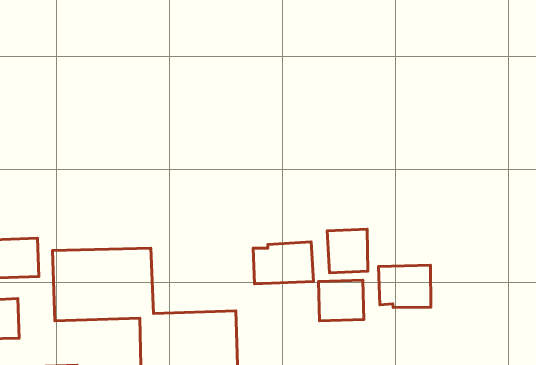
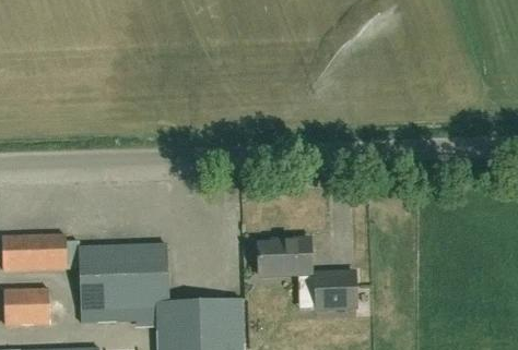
building: [327,229,368,273] -> none
building: [379,265,431,308] -> none

